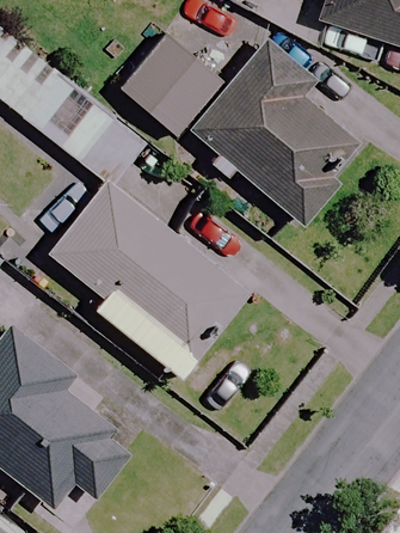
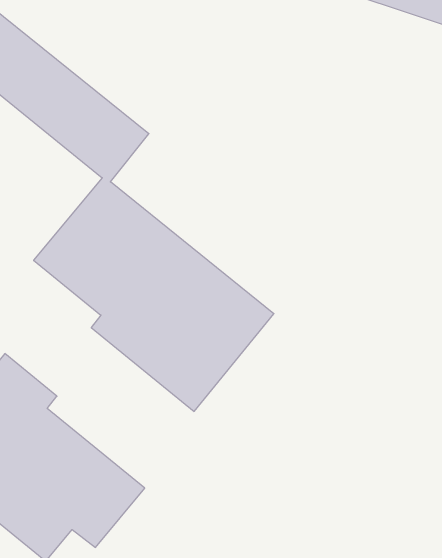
building: [121,31,222,134] -> none
building: [191,42,345,228] -> none

